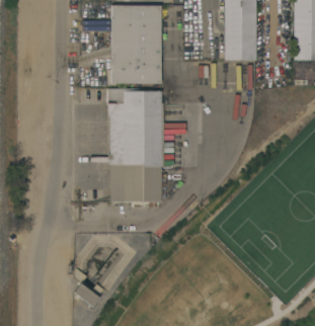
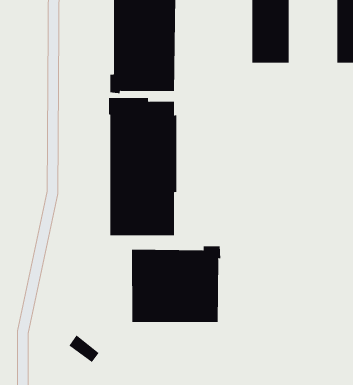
building: none -> [131,246,221,323]

